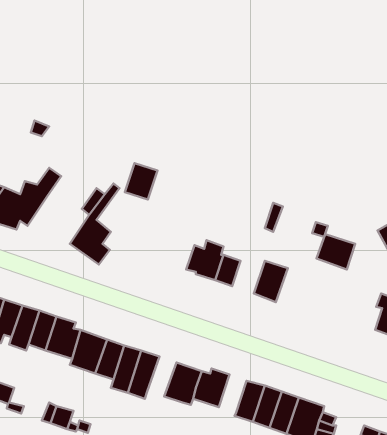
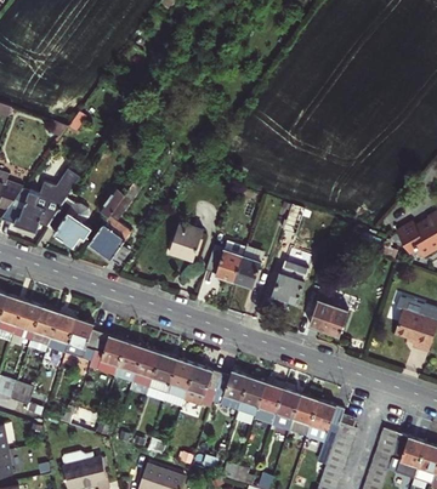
building: [125,163,157,200] -> [169,226,202,262]
building: none -> [46,199,91,248]
building: [317,234,355,269] -> [310,301,348,336]
building: none -> [164,359,195,408]
building: none -> [238,377,266,416]

